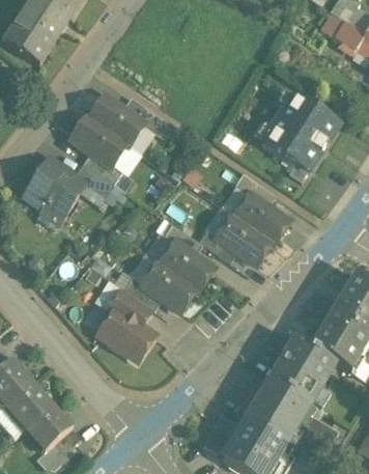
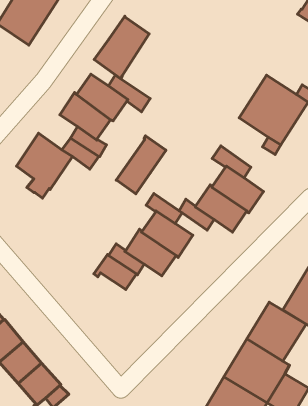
building: none -> [94,16,149,79]
building: none -> [116,136,166,194]
building: [96,308,153,360] -> none

